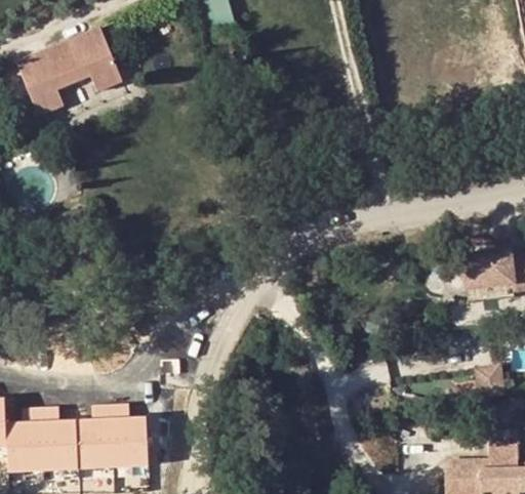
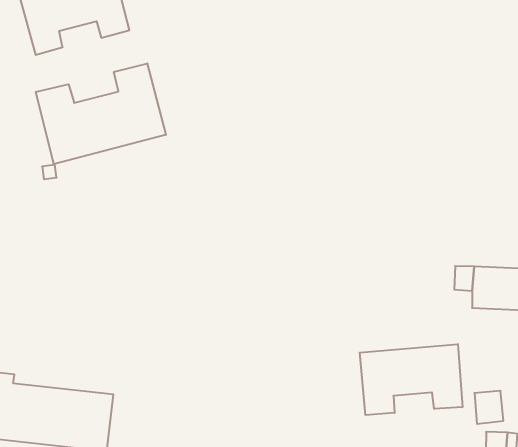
building: none -> [36,63,166,164]
building: none -> [360,344,462,415]

